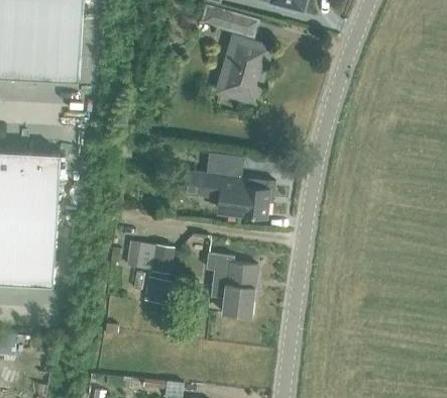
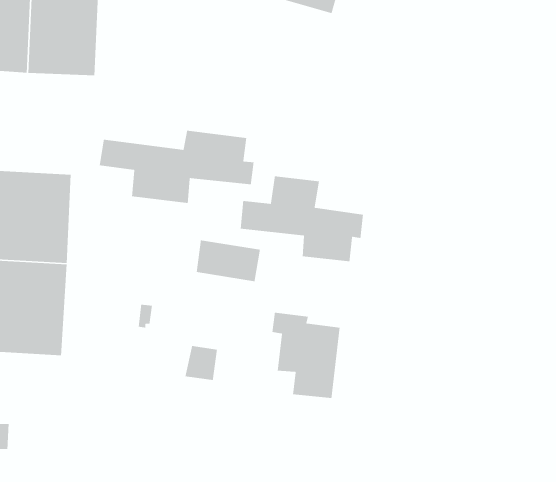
building: [218,38,269,101] -> none
building: none -> [99,130,255,204]
building: [125,240,173,272] -> [196,240,261,282]

